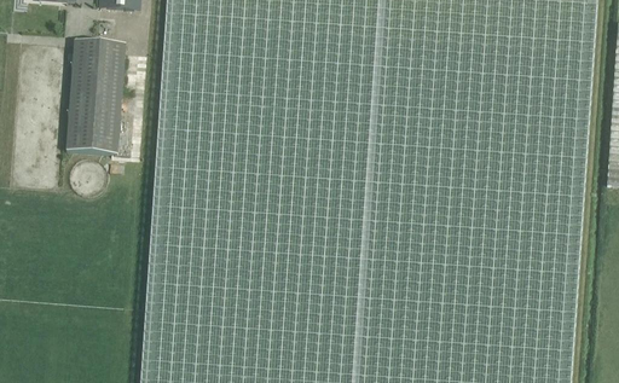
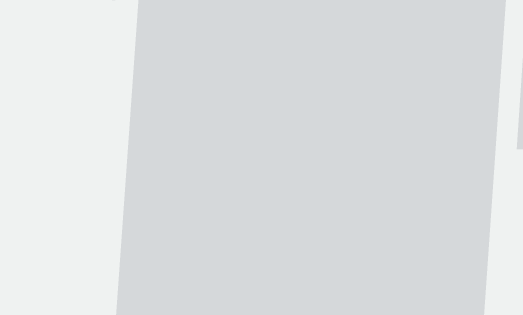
building: [68,41,127,156] -> none

